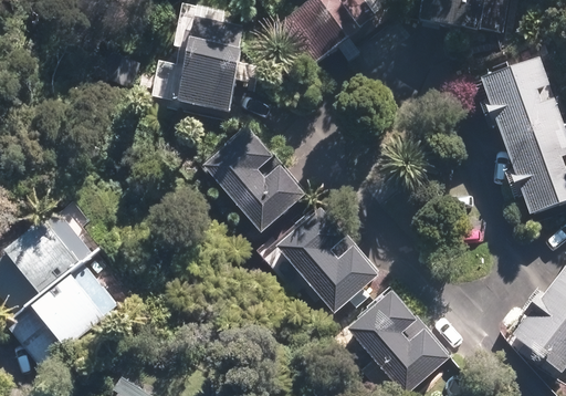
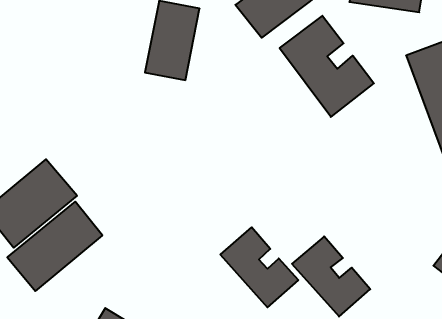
building: none -> [280,16,374,117]
building: [207,132,297,226] -> none
building: [280,212,371,306] -> [220,227,298,307]

